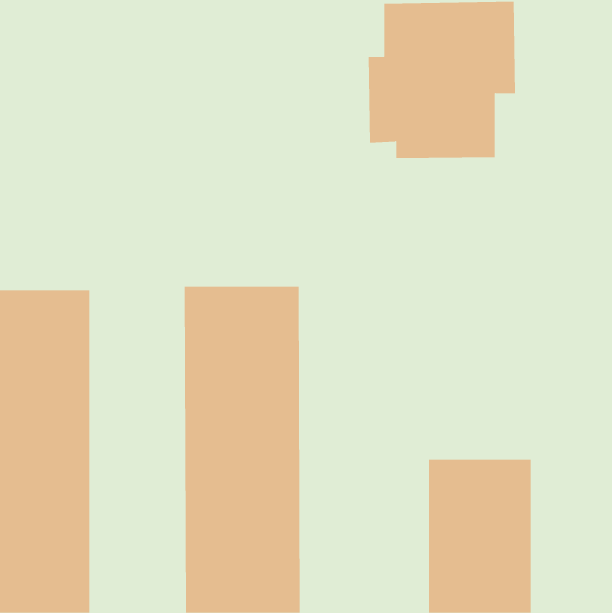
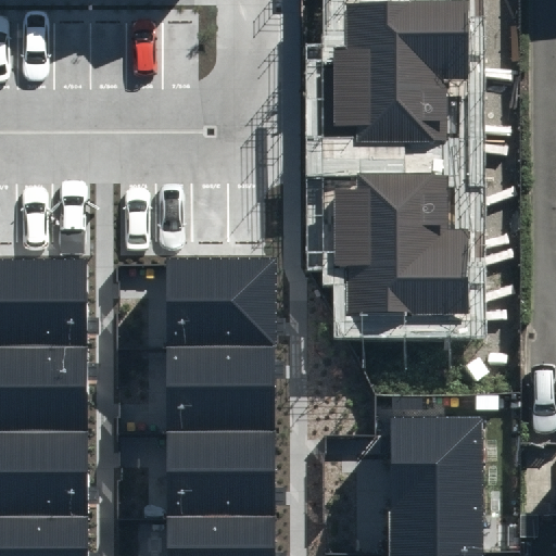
building: none -> [331,170,466,313]

